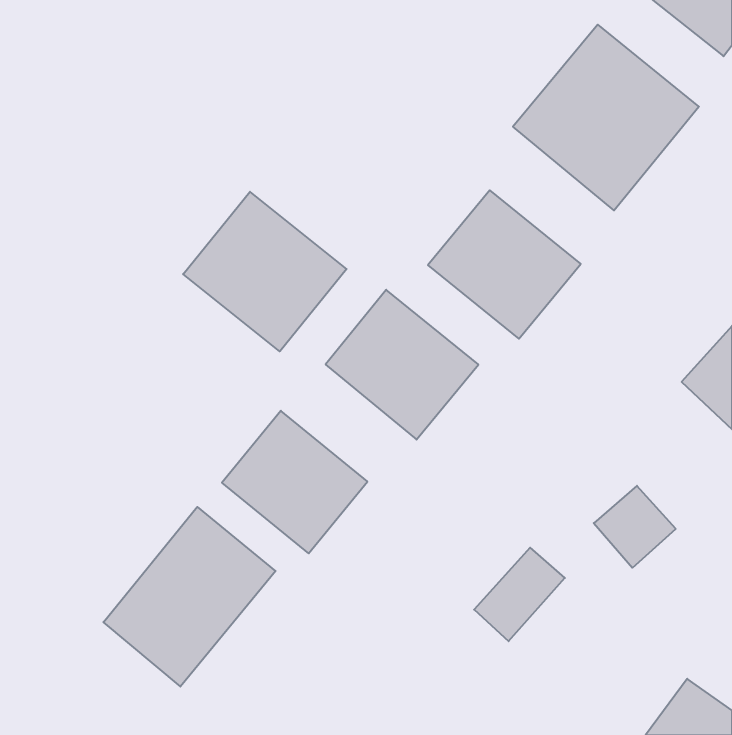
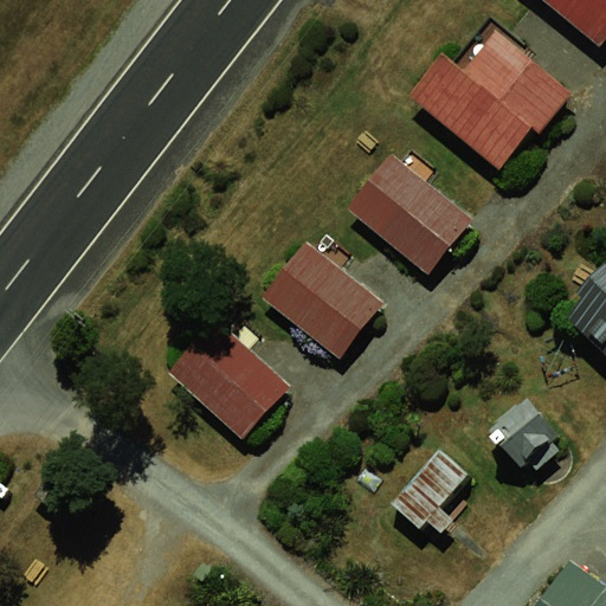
building: [183,192,347,351] -> none
building: [103,507,276,687] -> none

